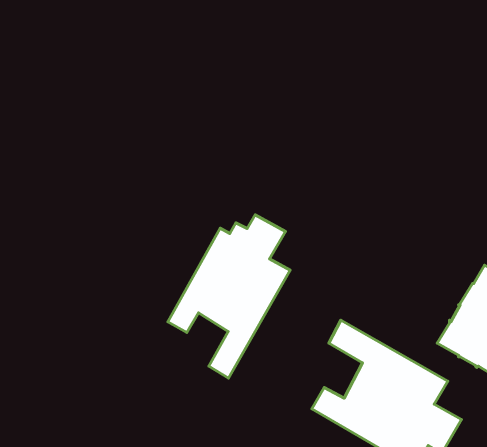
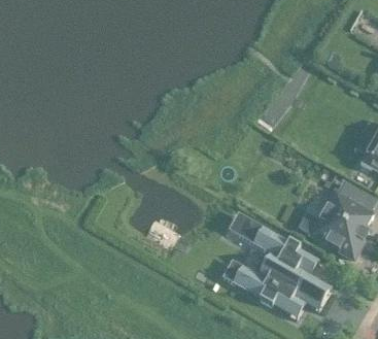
building: [168,215,290,378] -> none

